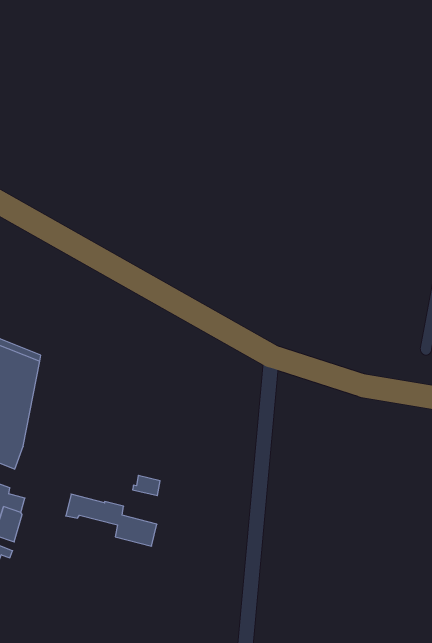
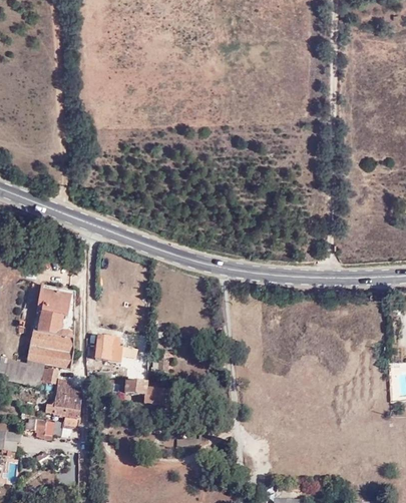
building: none -> [93,336,122,362]

